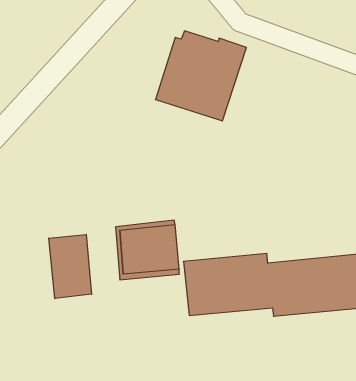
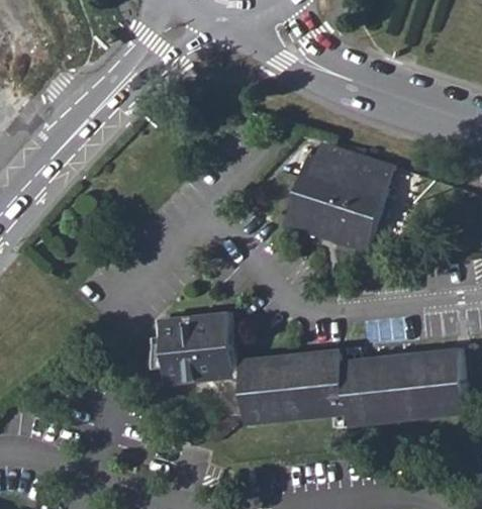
building: [155,31,246,121] -> [283,142,394,252]
building: [49,234,92,299] -> none

